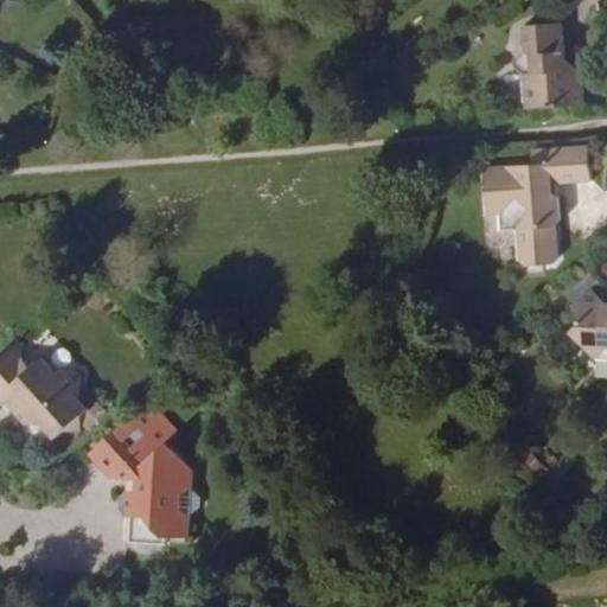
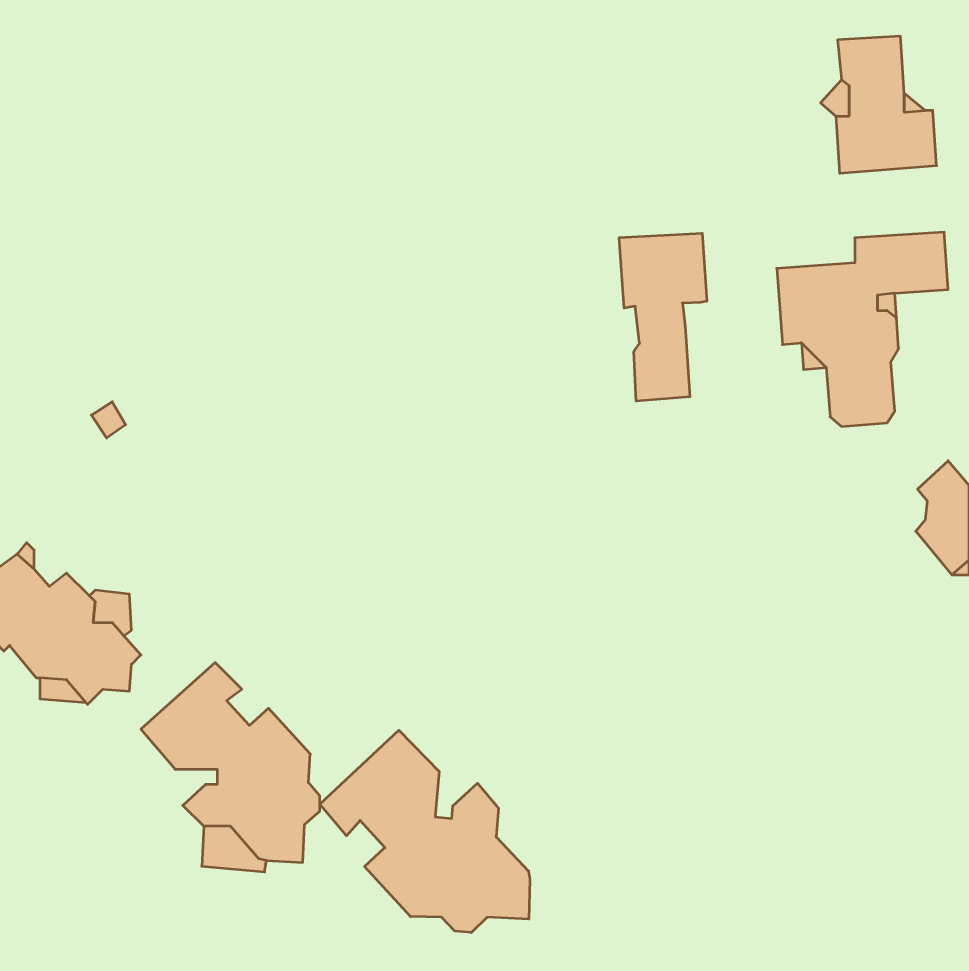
building: none -> [619,233,707,401]
building: none -> [320,730,530,933]

